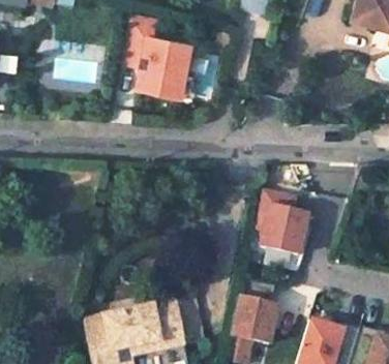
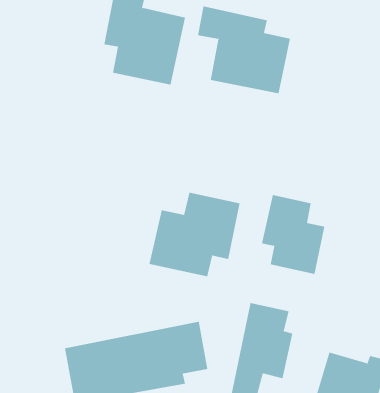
building: none -> [198,5,291,94]
building: none -> [149,192,240,277]

